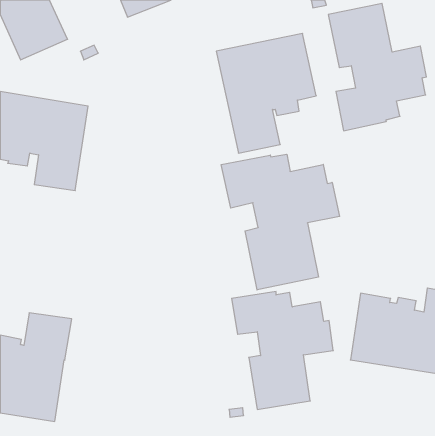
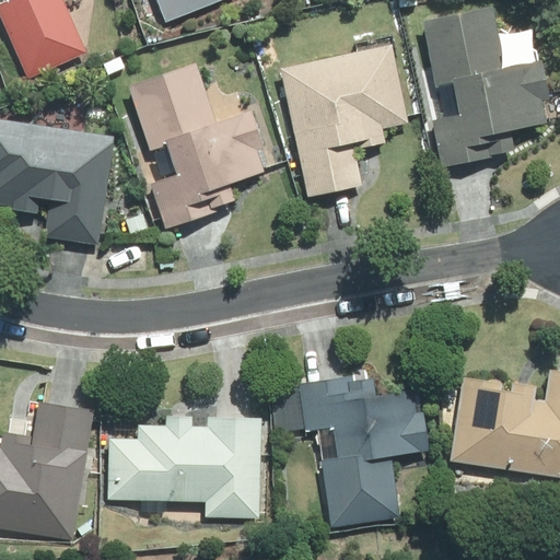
building: none -> [127,63,265,230]
building: [221,154,340,290] -> none
building: none -> [108,416,261,518]

